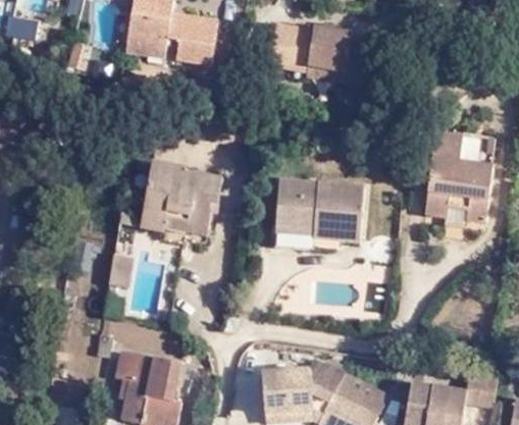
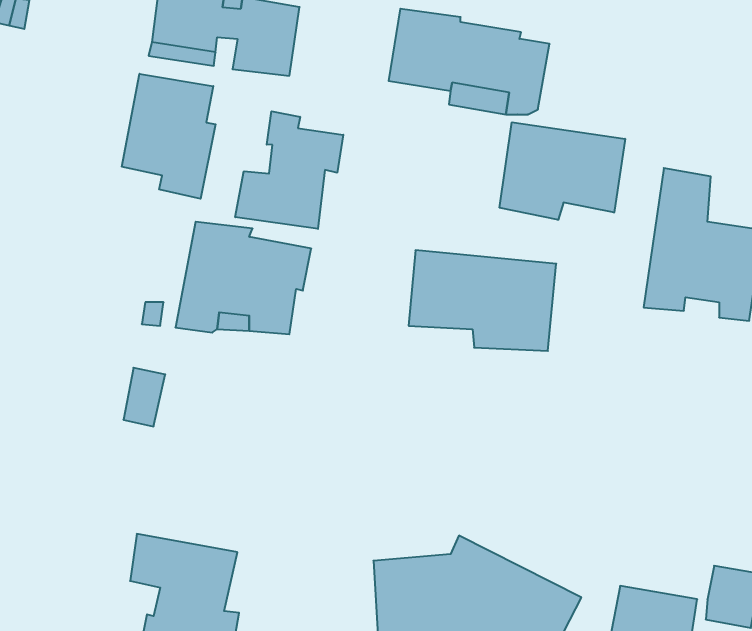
building: none -> [122,74,216,199]
building: none -> [235,111,343,229]
building: none -> [500,122,625,220]
building: [279,223,321,247] -> none

